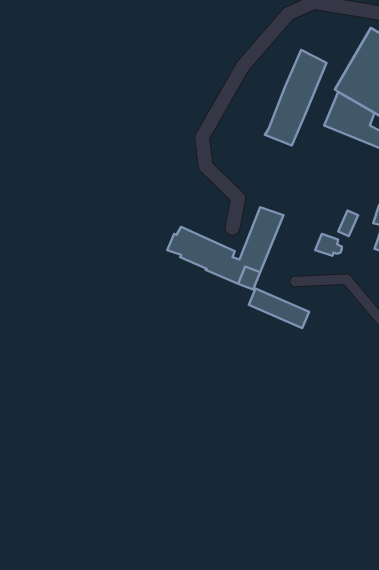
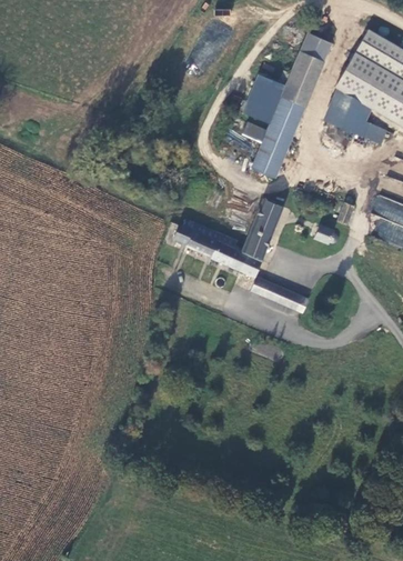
building: none -> [301,32,334,61]
building: none -> [242,74,285,124]
building: none -> [241,122,292,179]

